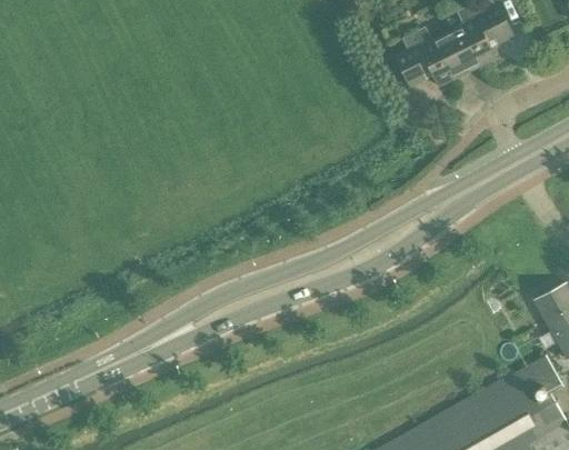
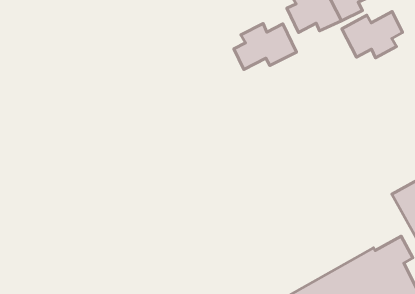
building: none -> [342,11,403,58]
building: none -> [234,24,296,69]

